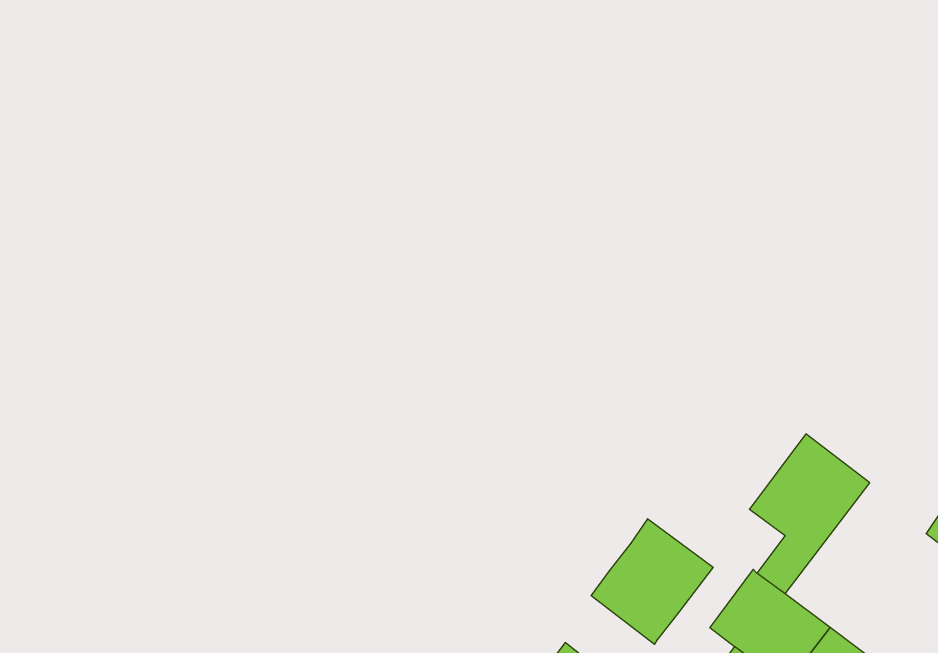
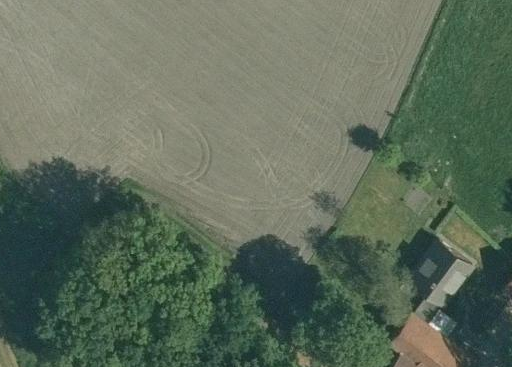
building: [591,519,713,644] -> none

